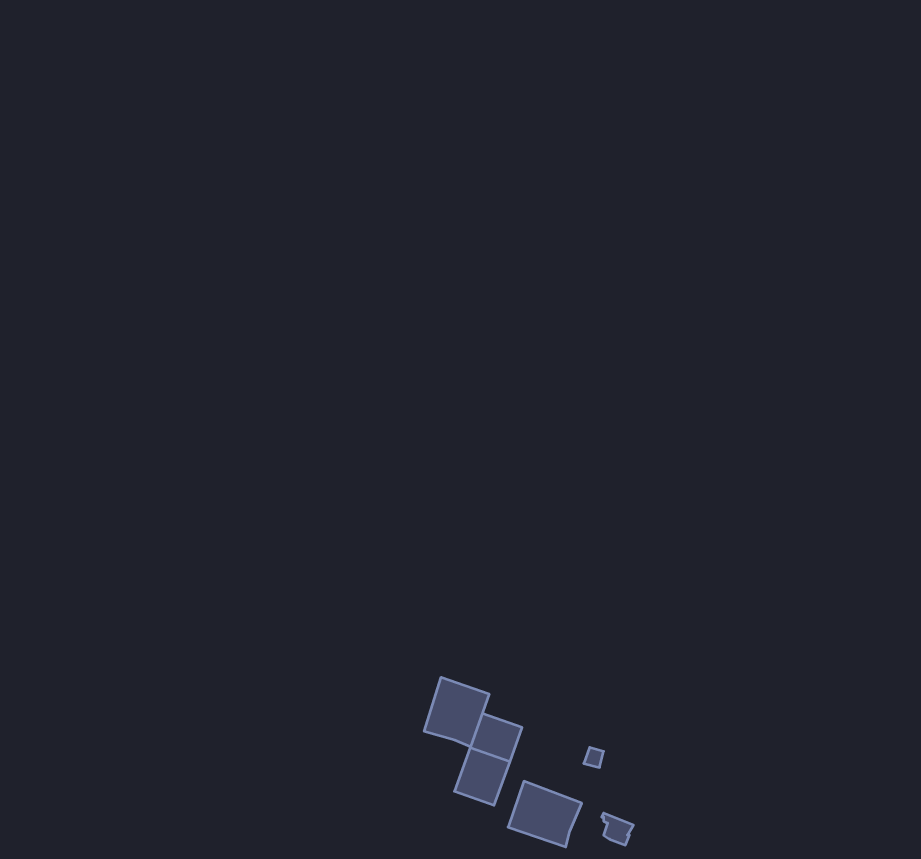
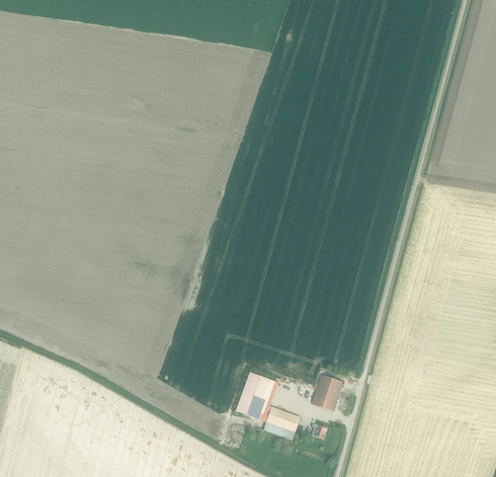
building: [424,677,489,747] -> none
building: none -> [312,375,343,410]

